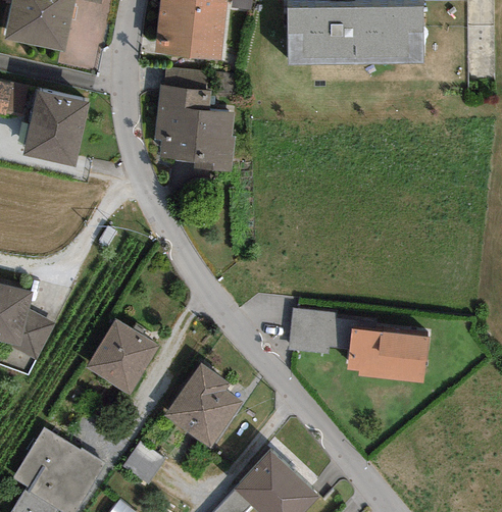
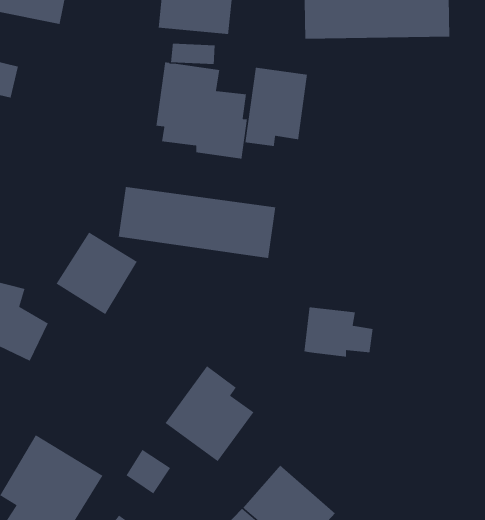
building: none -> [245,67,308,147]
building: [22,90,88,164] -> none
building: none -> [118,186,276,259]
building: [84,318,159,395] -> [56,232,138,315]
building: [347,327,430,382] -> none

